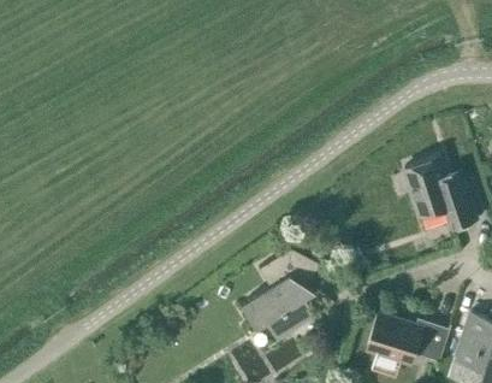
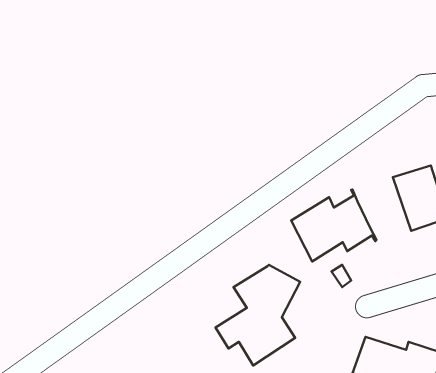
building: none -> [291,190,376,262]

